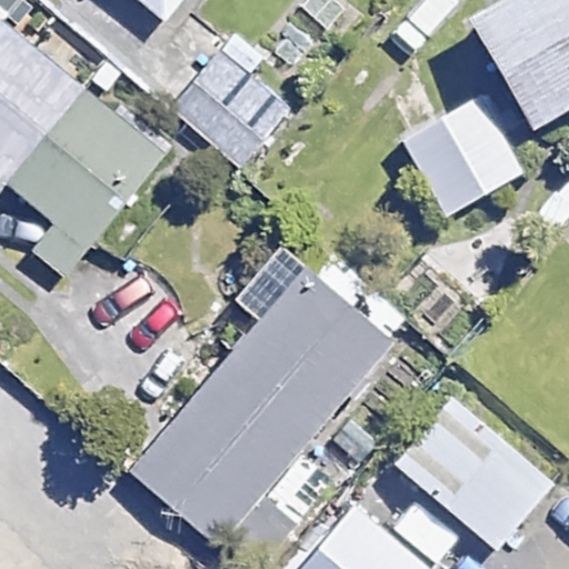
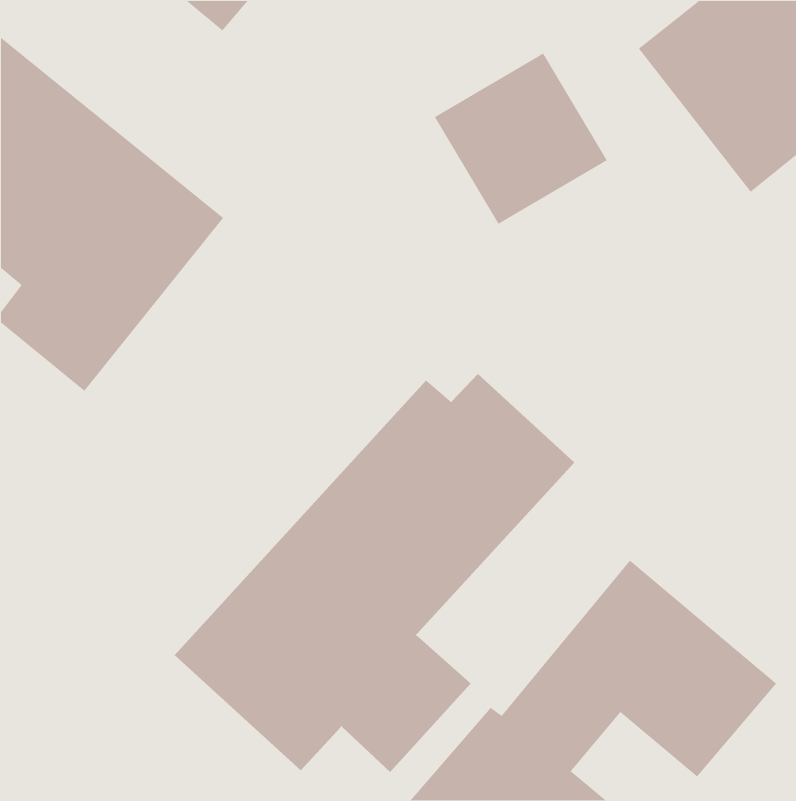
building: [151,17,292,167] -> none
building: [400,97,523,219] -> [434,52,608,225]

